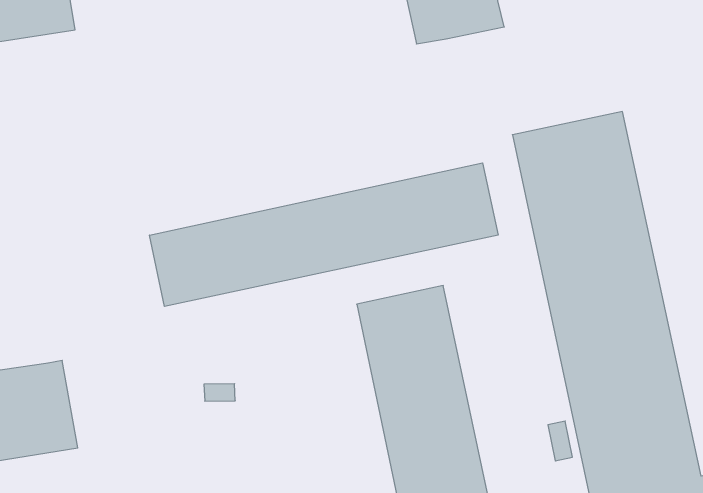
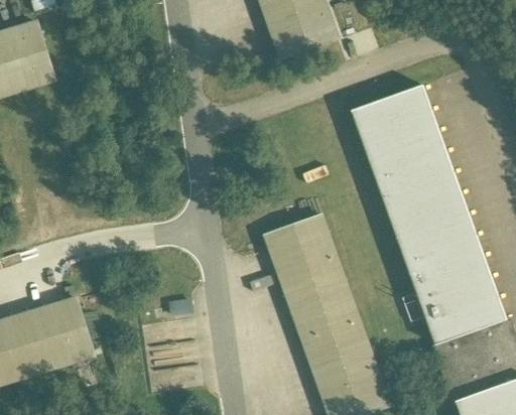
building: [150,163,498,306] -> none

